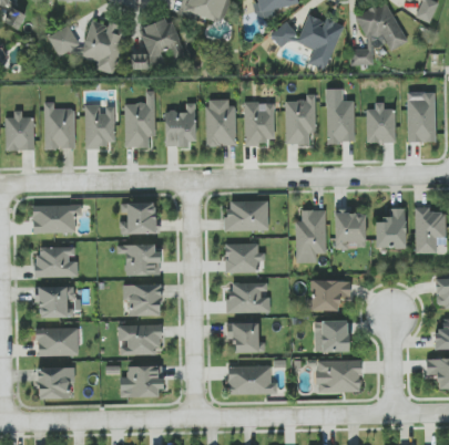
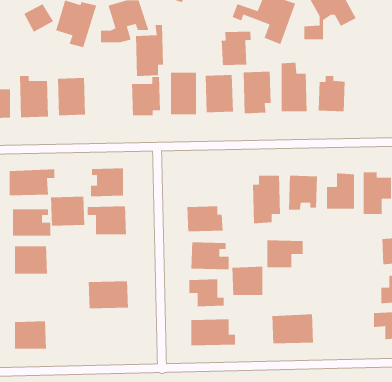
building: none -> [221,31,252,66]
building: [124,92,155,148] -> [135,24,164,77]
building: [406,92,436,143] -> none
building: [226,200,268,231] -> none
building: [123,283,161,317] -> [50,196,85,227]
building: [314,320,348,352] -> [231,266,263,296]
building: [37,328,79,356] -> none
building: [121,365,163,397] -> none

